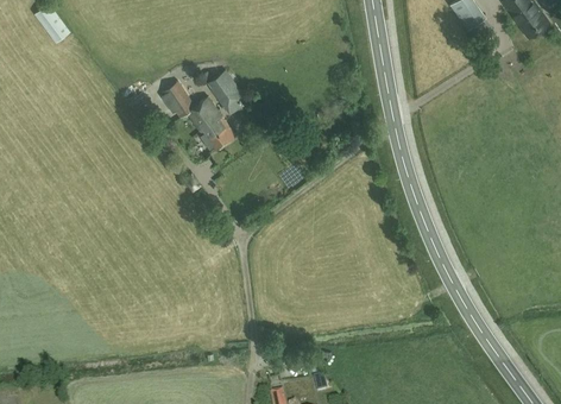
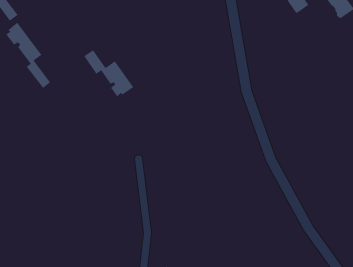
building: none -> [5,22,51,89]
building: [207,70,242,114] -> none

